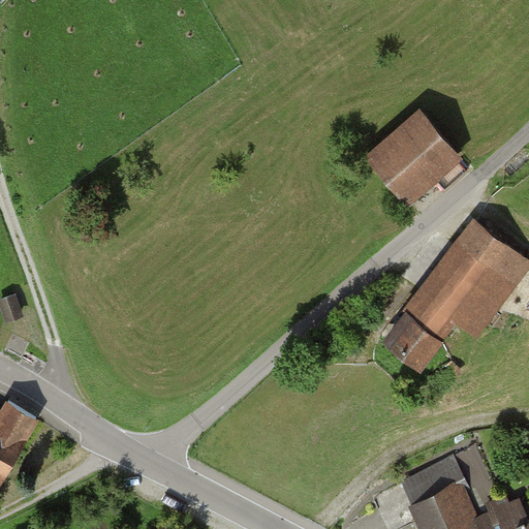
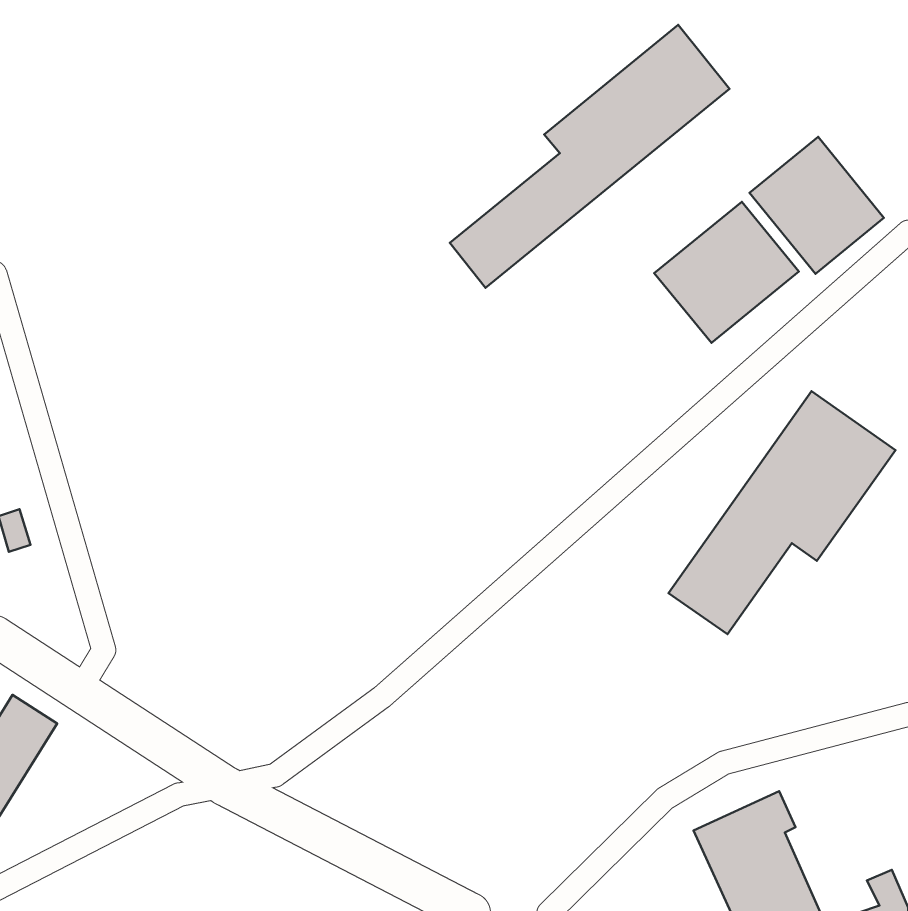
building: none -> [450,25,730,288]
building: none -> [750,137,884,274]

